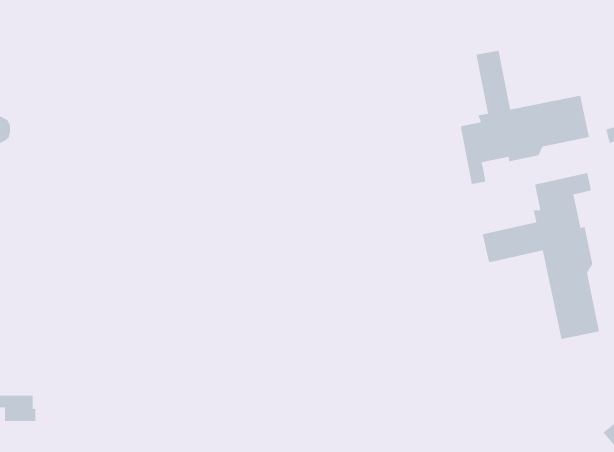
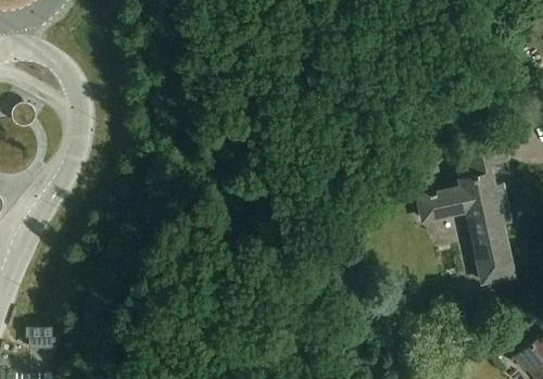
building: [460,50,590,185] -> none

